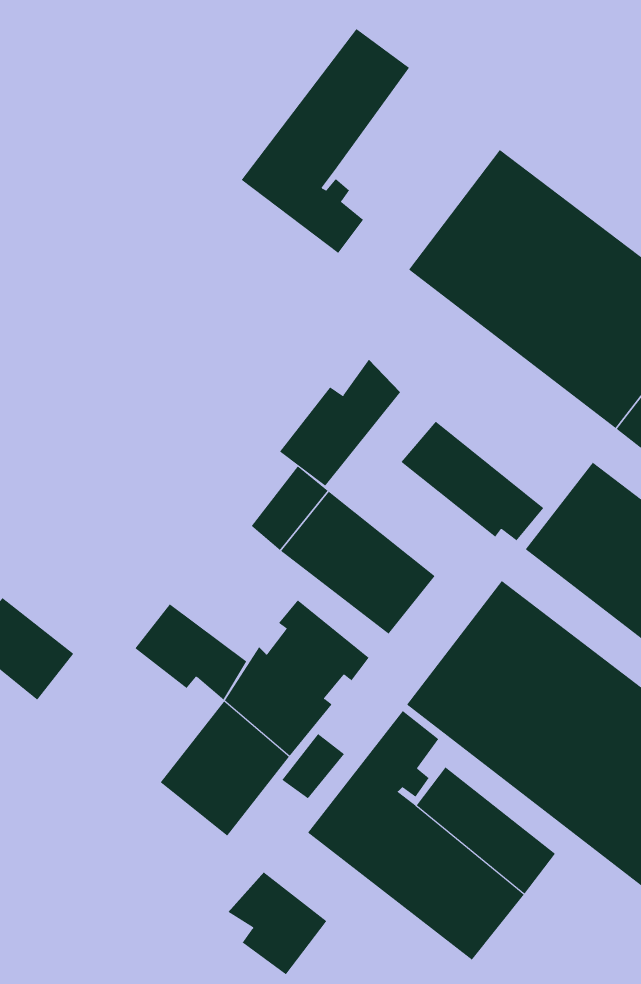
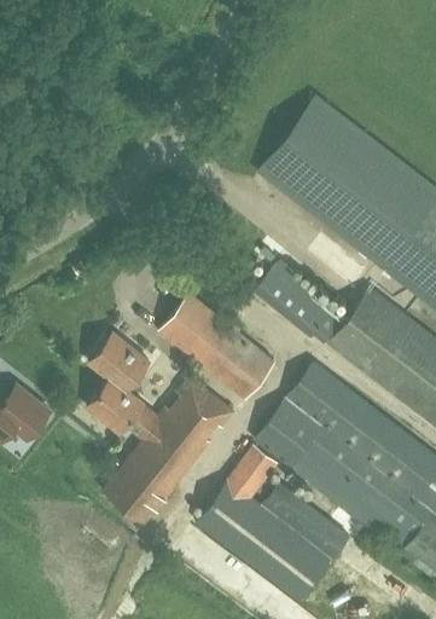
building: [241,28,410,254] -> none
building: [279,359,401,487] -> none
building: none -> [88,331,150,391]
building: [282,733,345,799] -> none
building: [228,872,327,975] -> none

